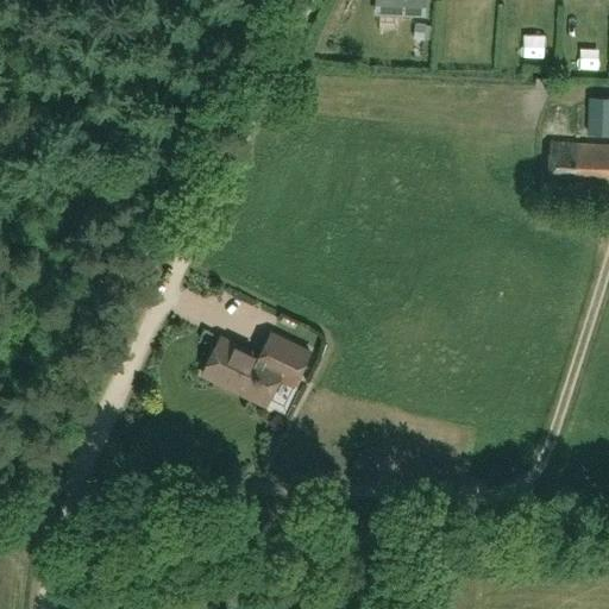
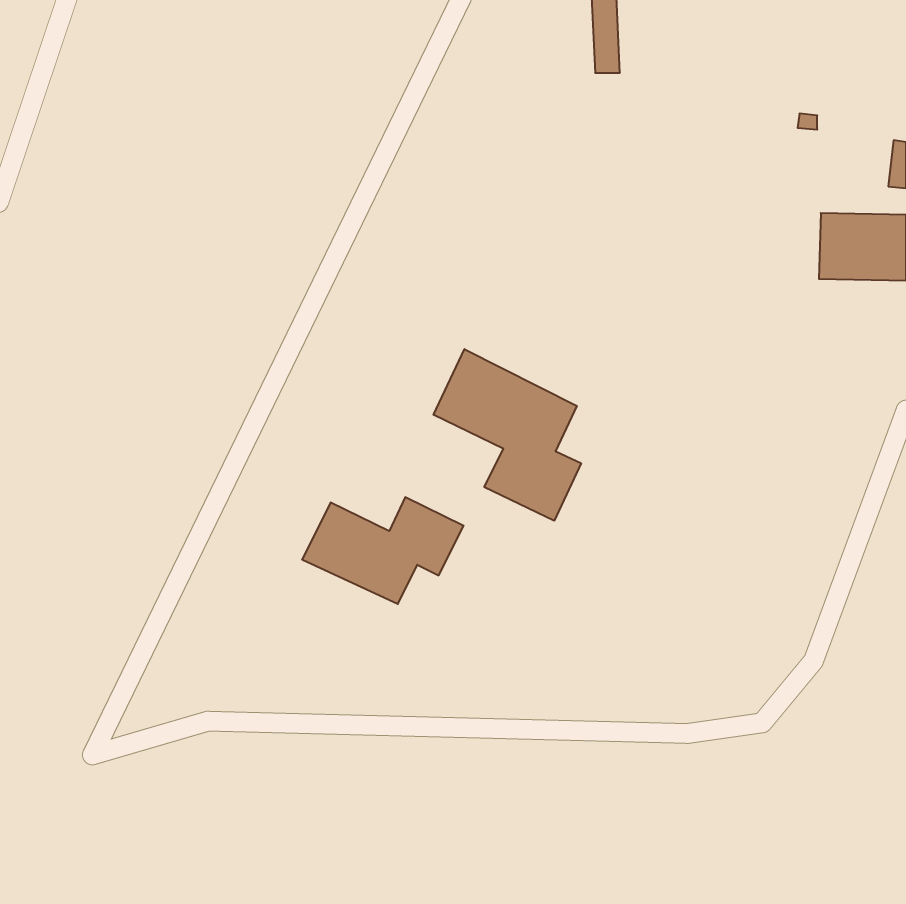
building: none -> [434,349,581,521]

